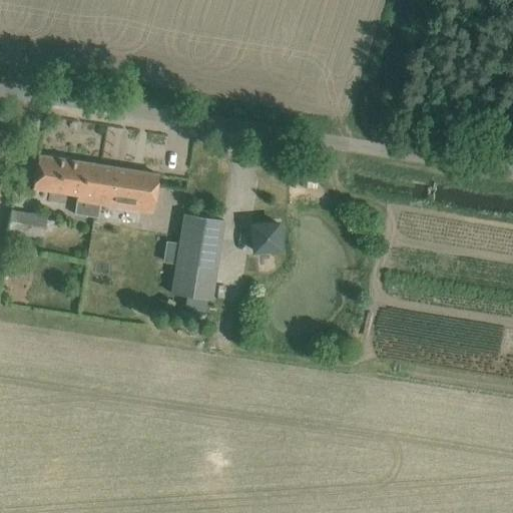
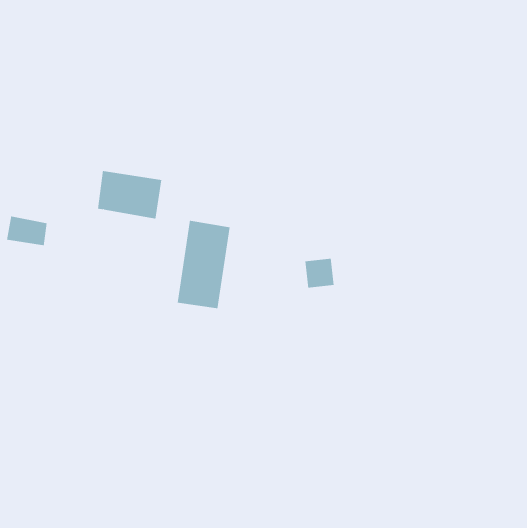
building: [33,155,101,218] -> none
building: [254,226,284,255] -> [305,258,334,288]

